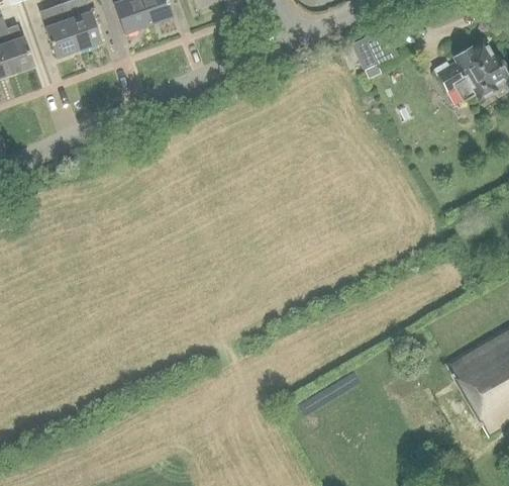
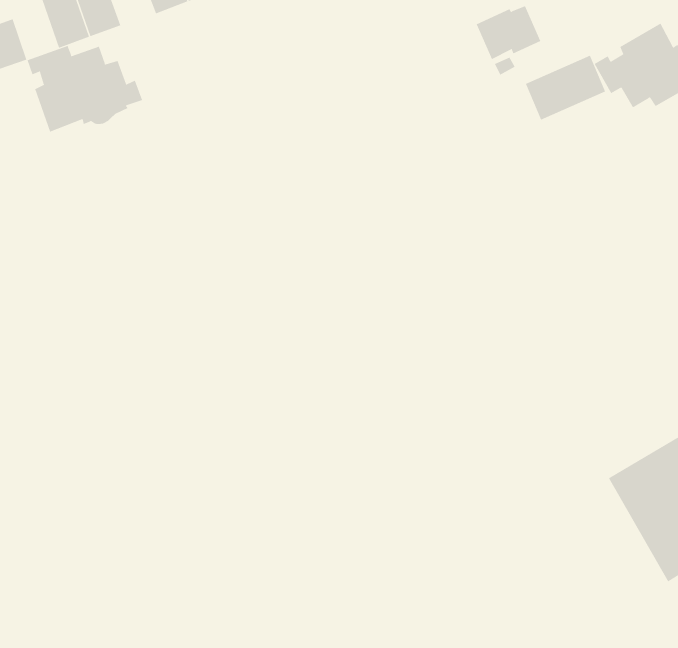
building: none -> [27,45,143,132]
building: none -> [525,55,606,120]

